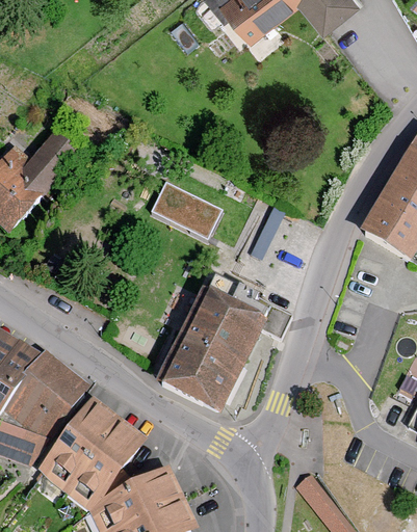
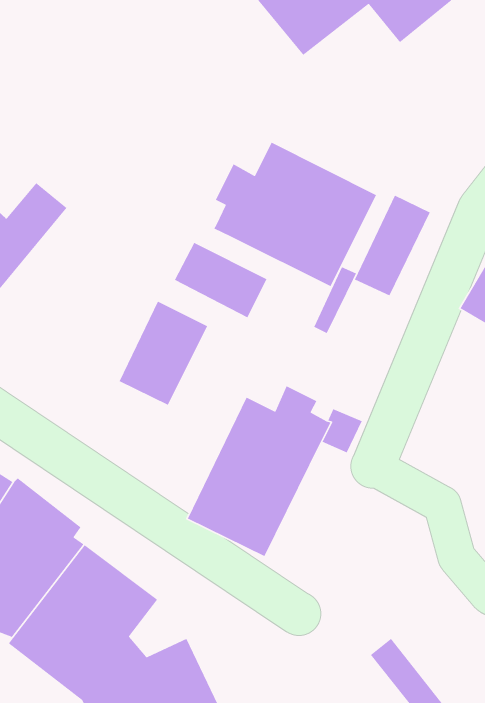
building: none -> [213,142,377,287]
building: none -> [354,194,431,297]
building: none -> [119,300,208,406]

